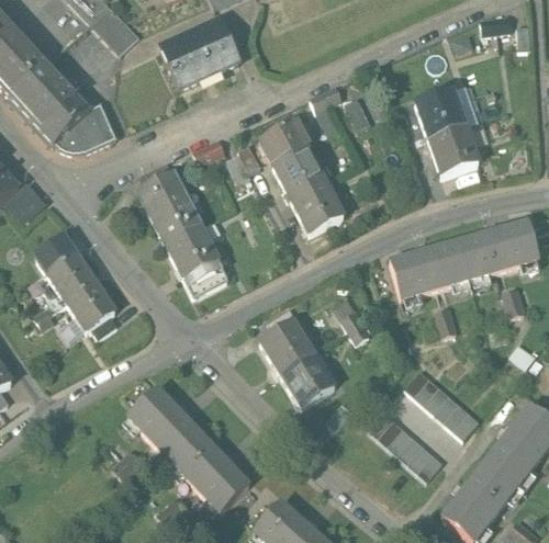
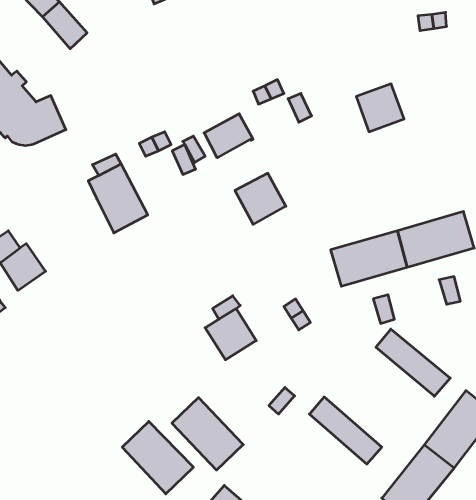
building: [160,21,238,89] -> none
building: [429,125,479,176] -> none
building: [273,146,325,199] -> none
building: [166,224,227,295] -> none
building: [67,282,114,330] -> none
building: [281,353,335,406] -> none
building: [403,371,480,440] -> [376,329,450,396]
building: [128,388,202,463] -> [172,398,243,470]

